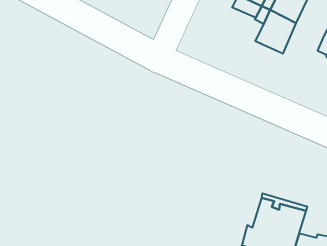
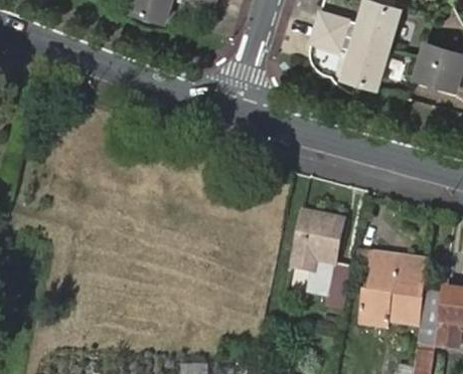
building: none -> [292,212,351,310]

